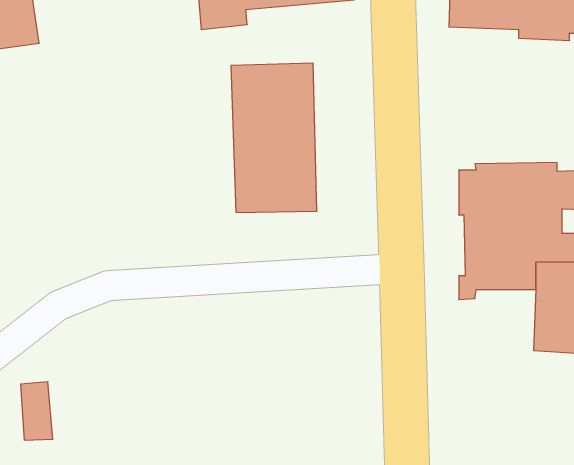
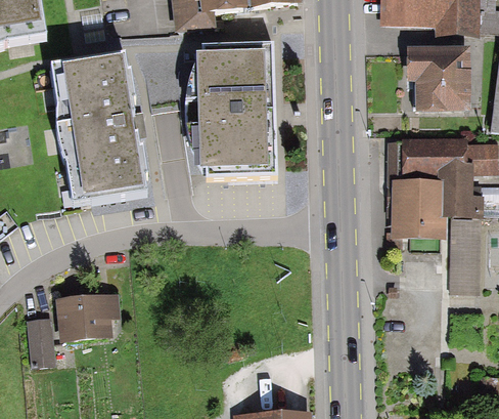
building: none -> [406,43,471,112]
building: none -> [59,62,141,202]
building: none -> [56,291,121,341]

